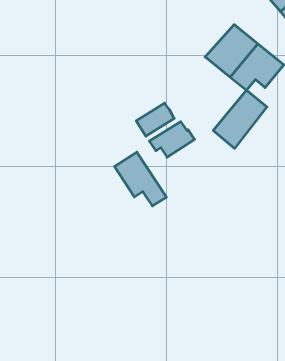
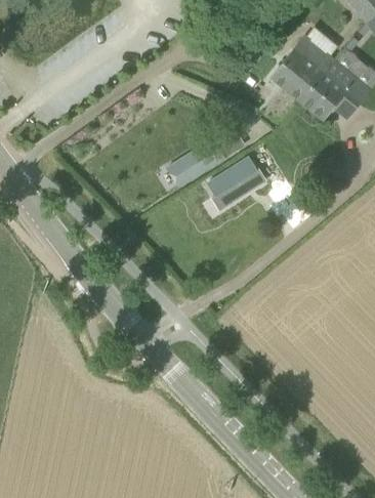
building: [213,90,267,148] -> none
building: [115,152,166,206] -> none

